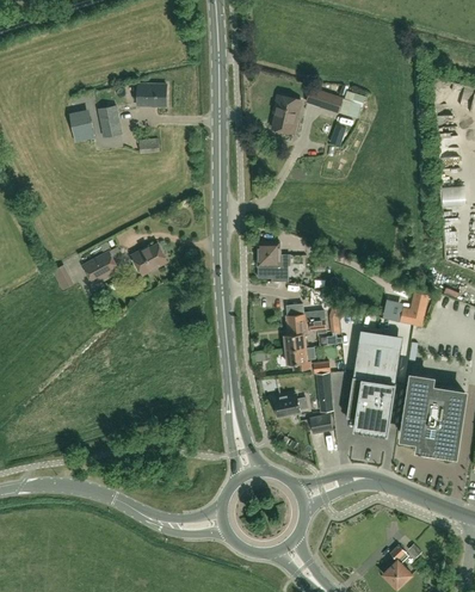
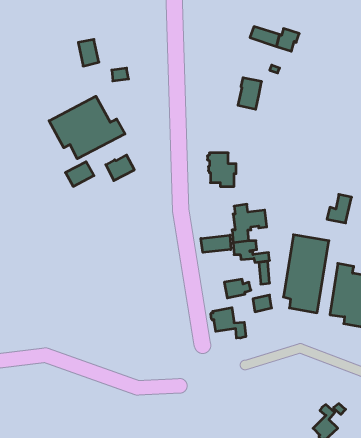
building: [137,84,167,106] -> none
building: [272,95,301,134] -> [238,78,262,109]
building: [69,109,95,142] -> none
building: none -> [49,96,125,159]
building: none -> [201,235,231,252]
building: none -> [211,308,246,338]

